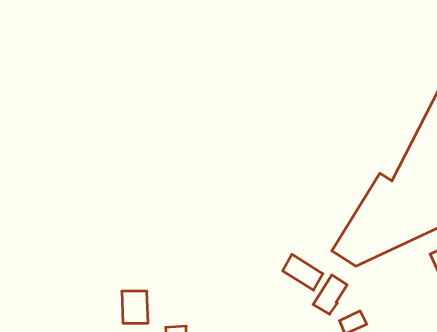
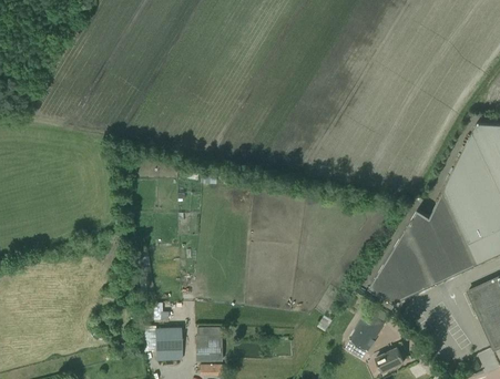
building: [283,254,323,290] -> none
building: none -> [195,337,222,363]

